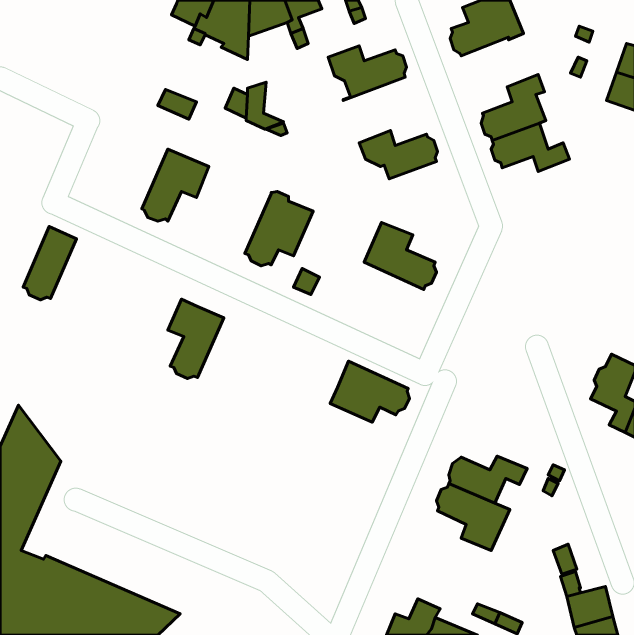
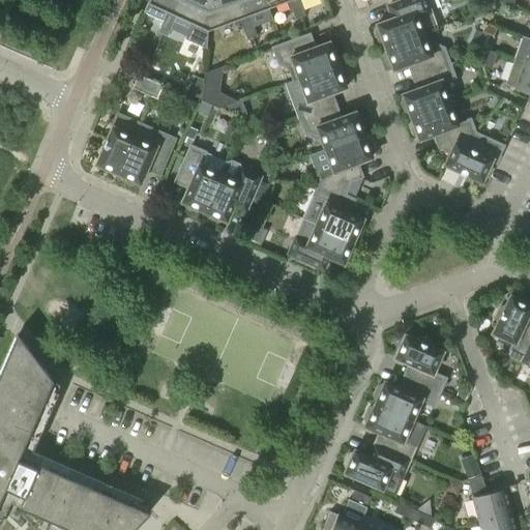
building: none -> [384,31,449,72]
building: none -> [287,64,348,119]
building: none -> [445,132,503,181]
building: none -> [313,135,374,196]
building: [23,226,77,300] -> [96,114,141,175]
building: [168,299,224,379] -> [180,146,227,212]
building: [330,361,410,422] -> [289,218,355,269]
building: none -> [395,334,445,390]
building: none -> [344,448,410,494]

